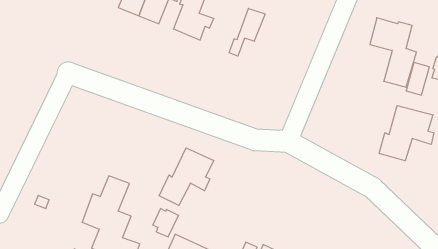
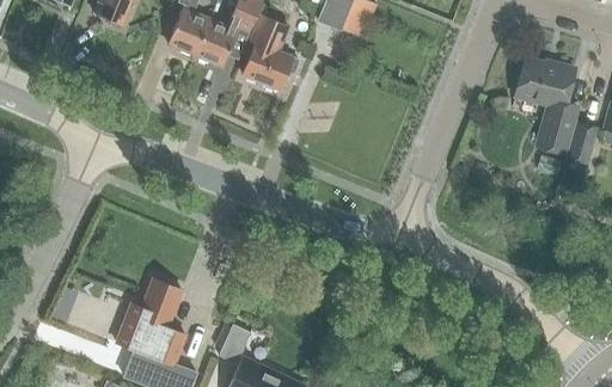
building: [229,8,265,56] -> none
building: [379,106,434,161] -> none
building: [159,148,214,206] -> none

